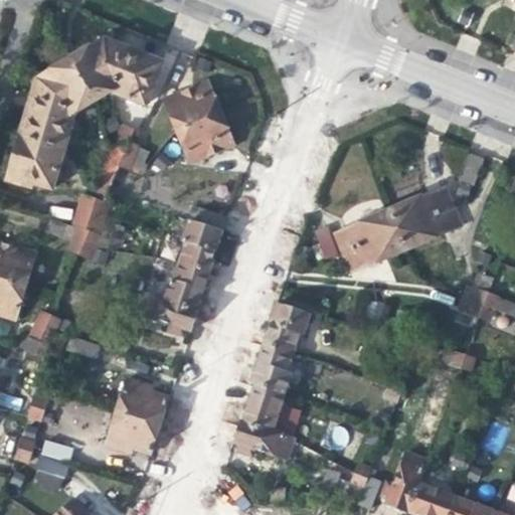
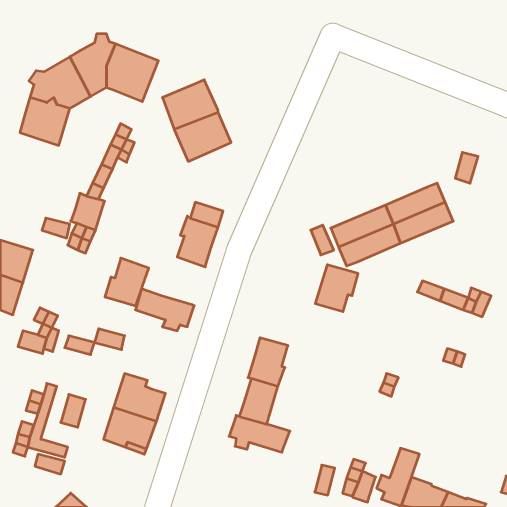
building: [8,134,61,187] -> none
building: [165,260,209,308] -> [105,258,149,306]
building: [265,302,308,349] -> [315,265,358,312]

